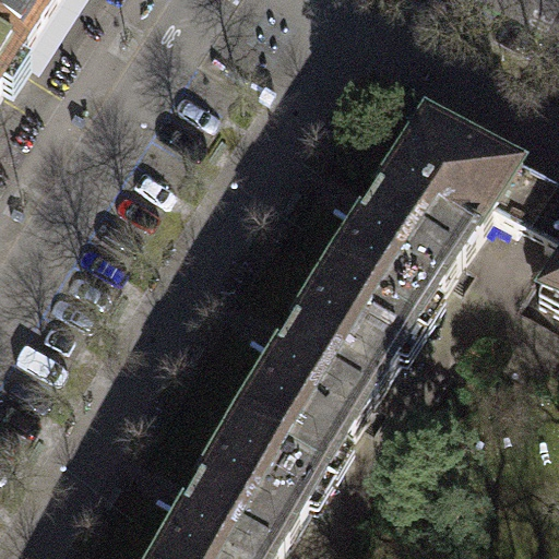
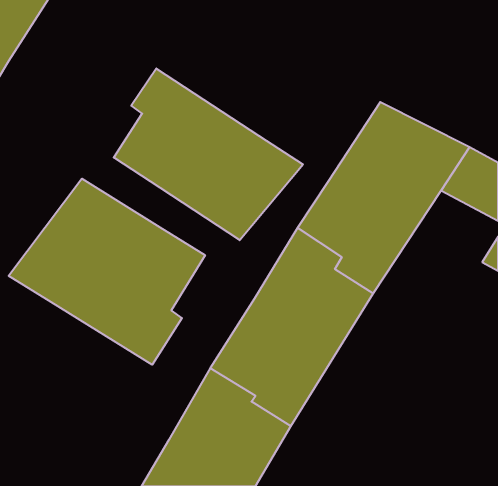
building: none -> [114,68,303,240]
building: none -> [9,179,205,365]

